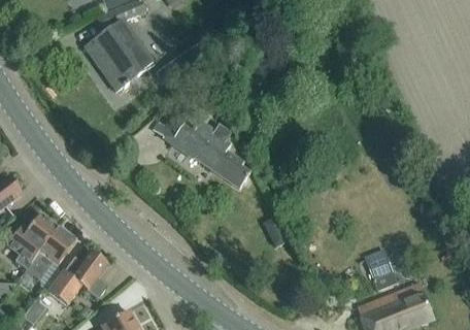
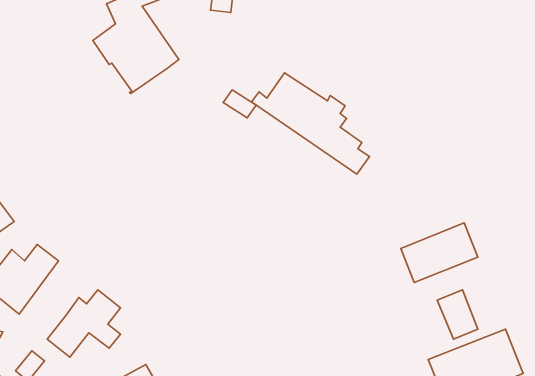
building: [154,105,249,188] -> [252,73,369,174]
building: none -> [401,223,478,283]
building: [25,226,75,279] -> none

